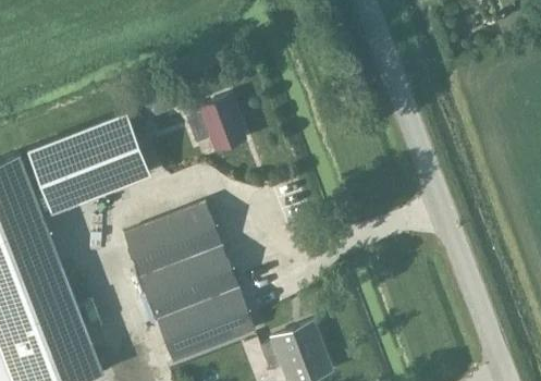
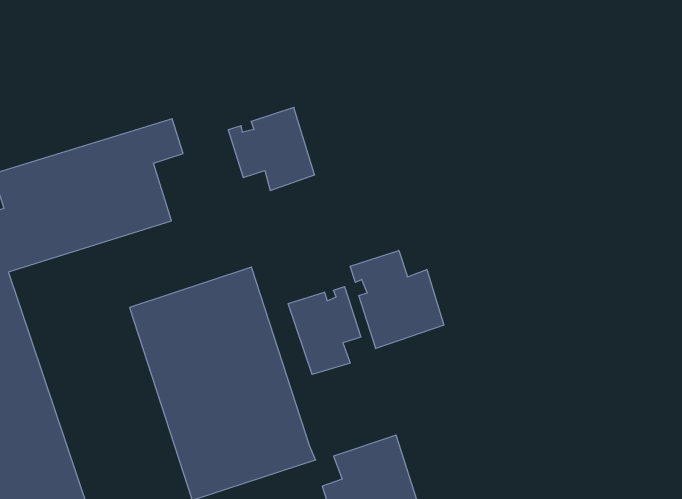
building: none -> [350,250,444,349]
building: none -> [288,287,361,374]

